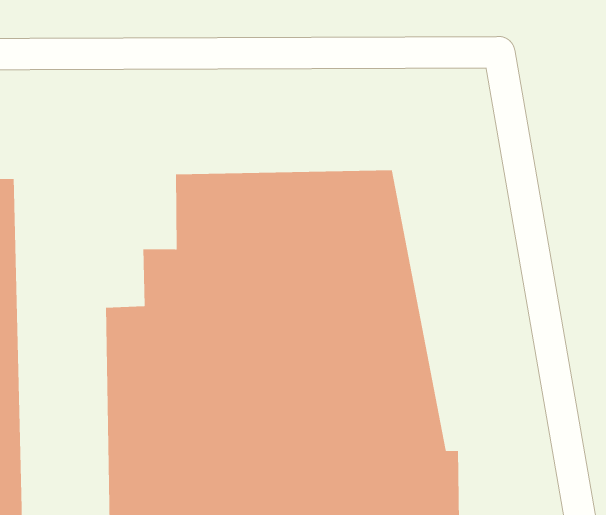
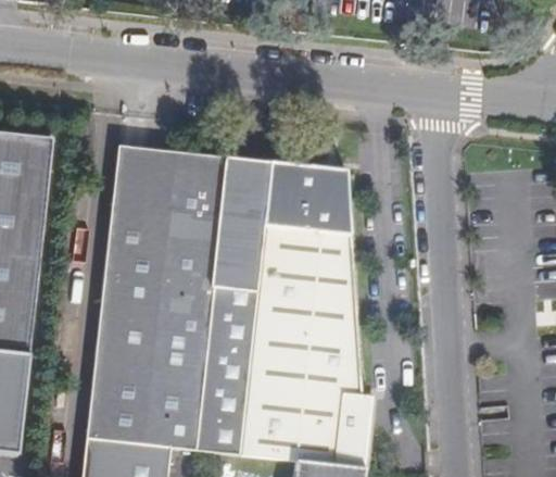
building: none -> [109,148,176,253]

